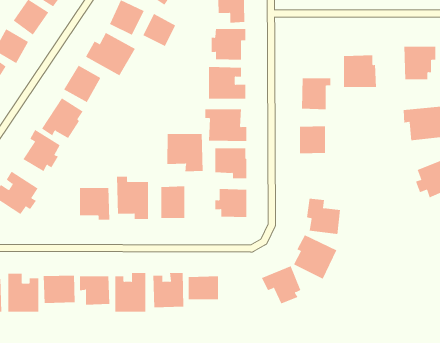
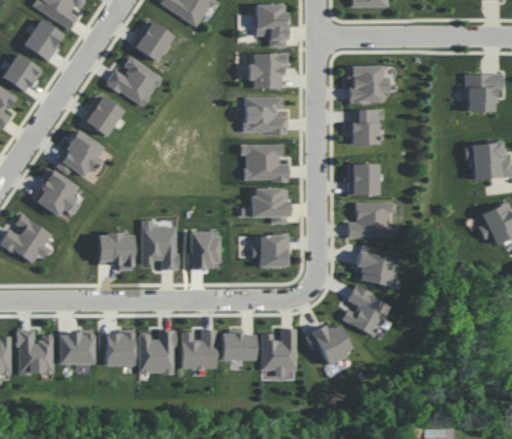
building: [143,13,176,47] -> none
building: [343,55,377,88] -> [349,65,387,102]
building: [167,133,203,172] -> none
building: none -> [348,202,397,238]
building: none -> [262,328,297,377]

